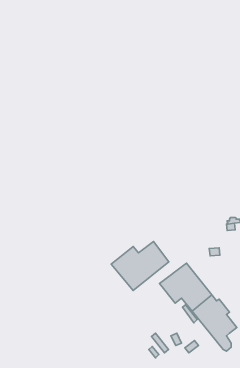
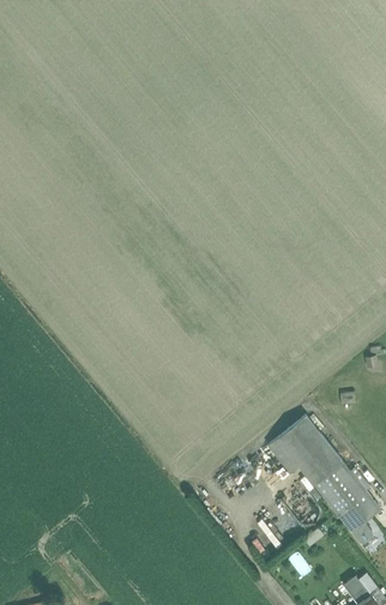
building: [111,241,169,290] -> none

